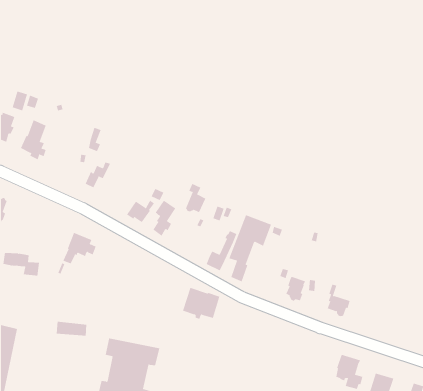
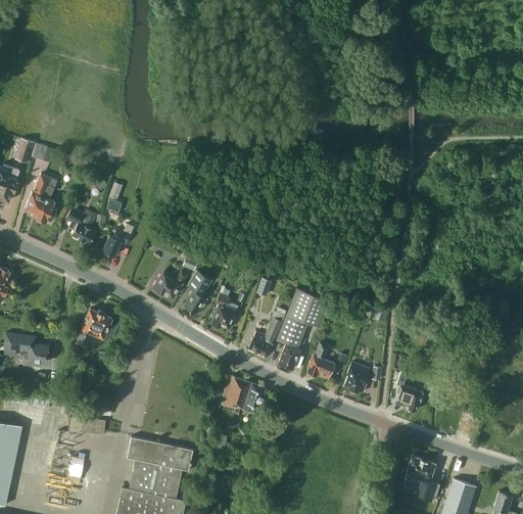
building: none -> [65,207,95,245]
building: [185,183,206,213] -> [210,293,236,329]
building: none -> [306,342,334,379]

